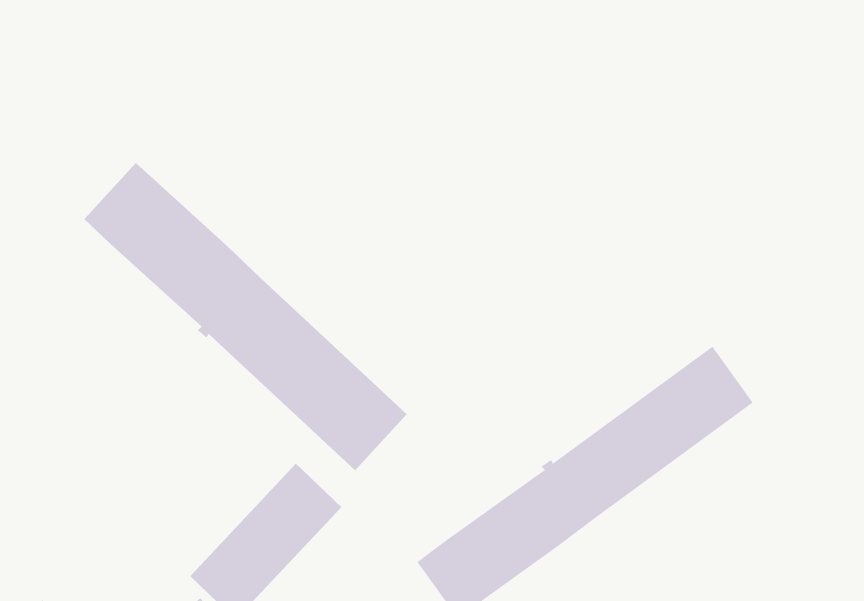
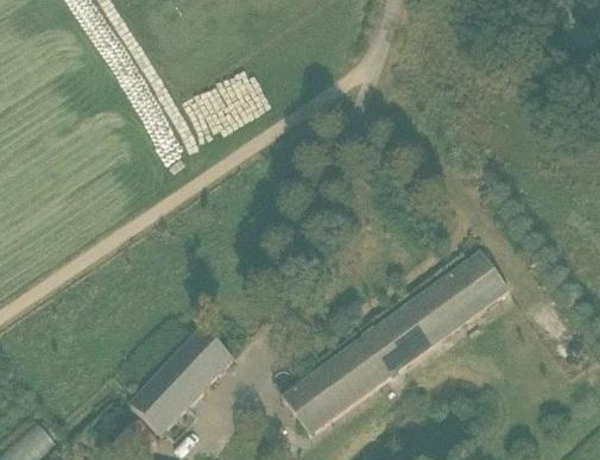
building: [84,162,407,471] -> none

